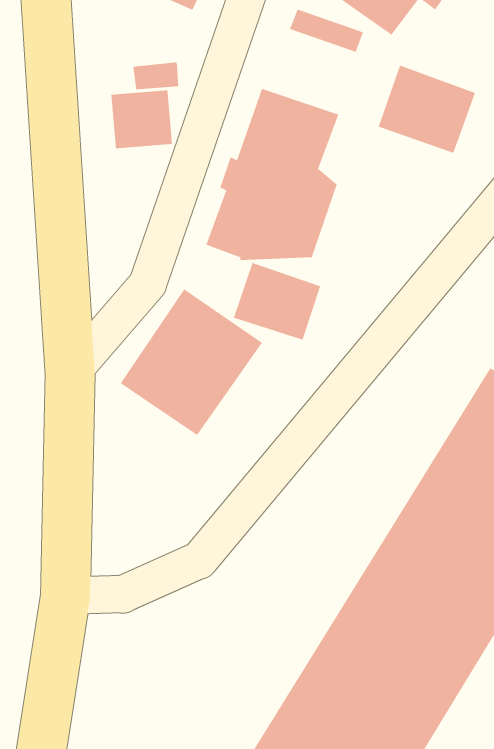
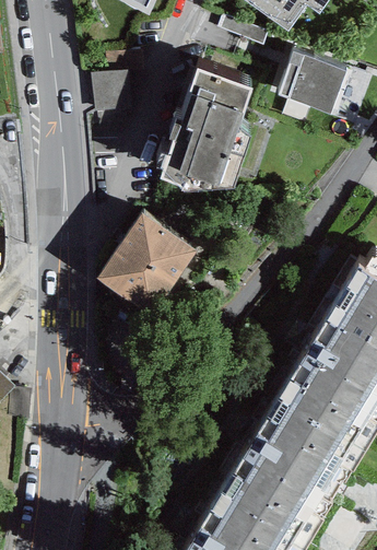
building: [233,262,321,341] -> none

